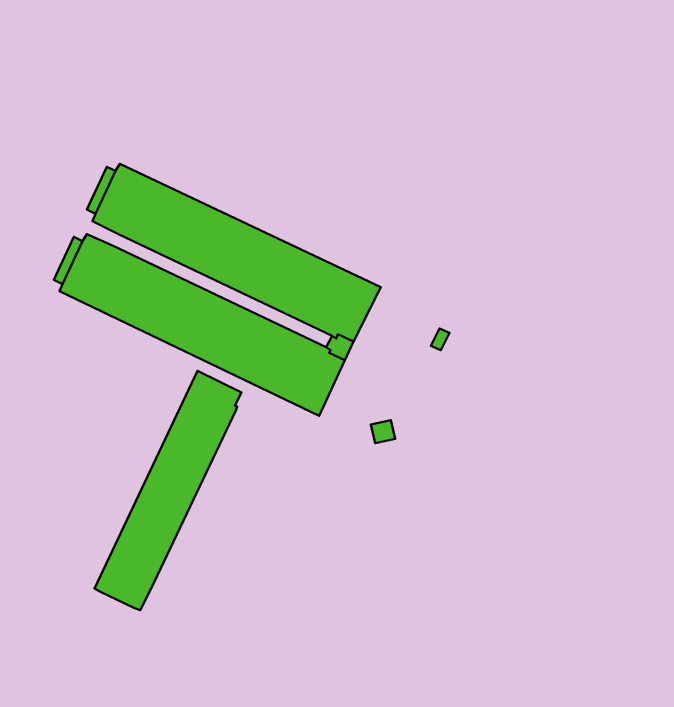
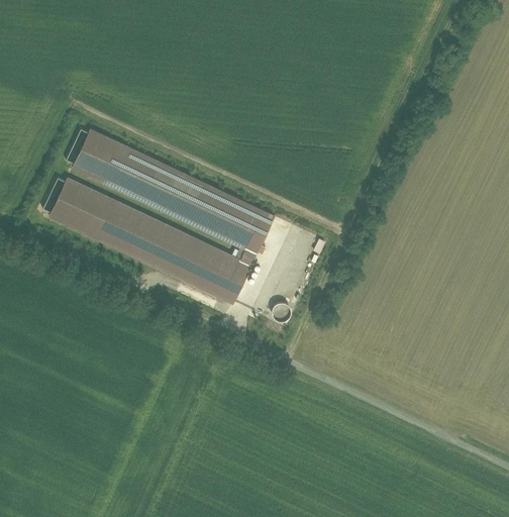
building: [95,371,241,610] -> none

